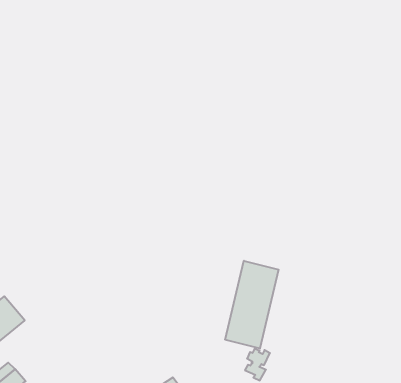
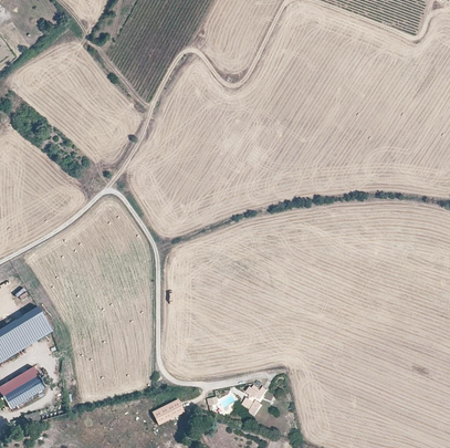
building: [225,261,279,349] -> none

